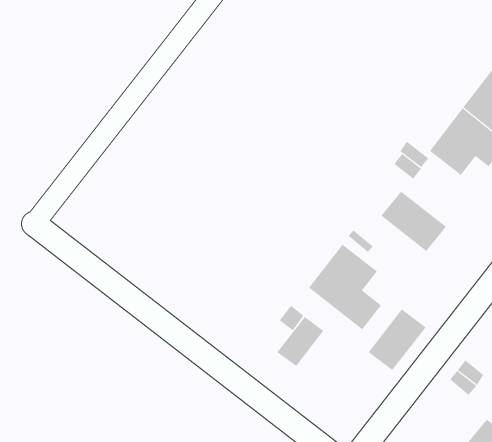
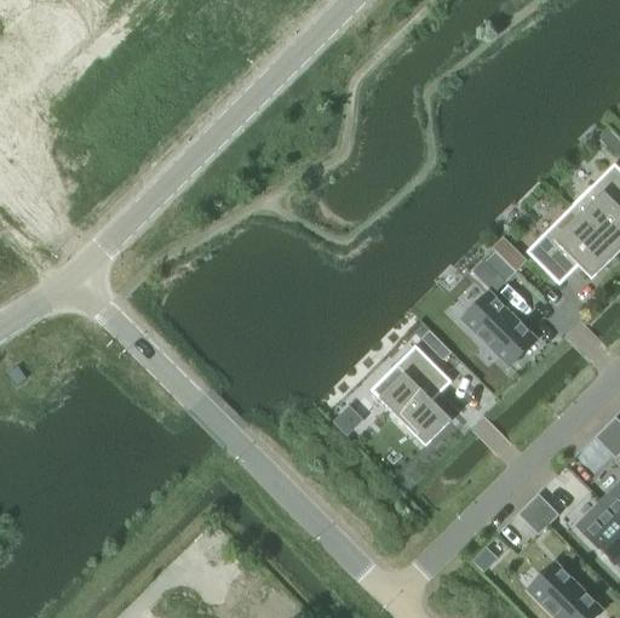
building: [368,309,427,371] -> none
building: [277,316,324,367] -> none

